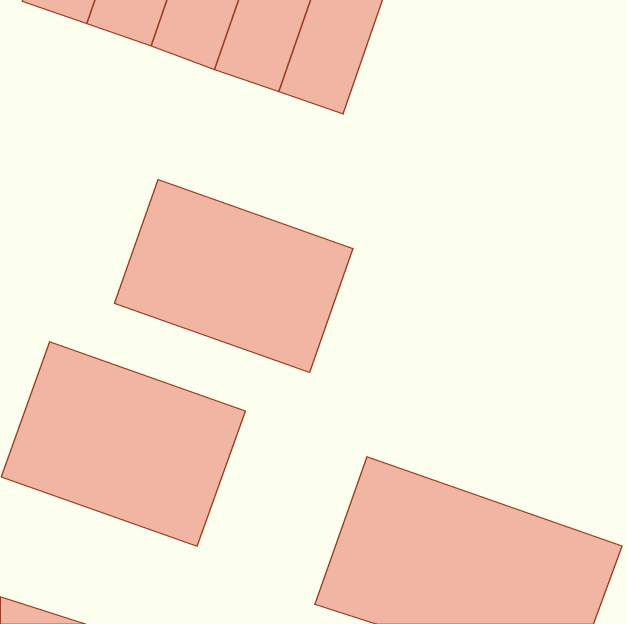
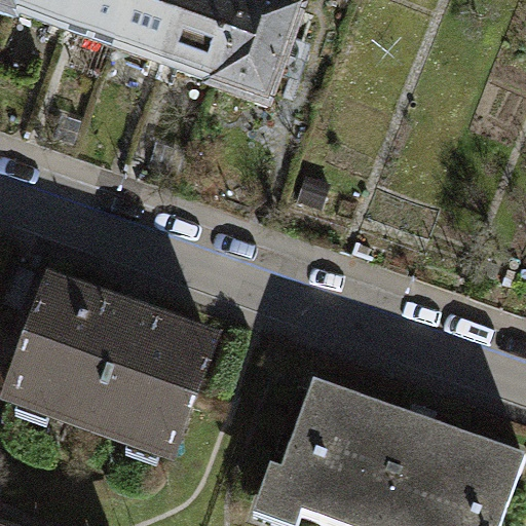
building: [115,179,353,372] -> none

